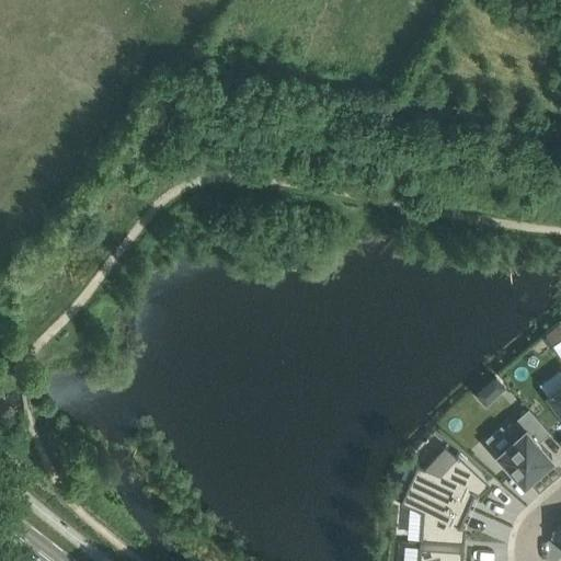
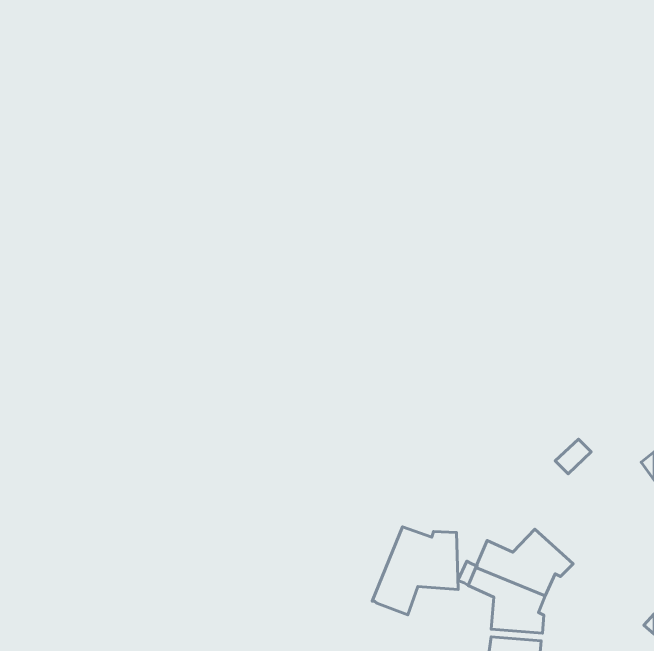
building: [496,410,551,485] -> none
building: none -> [372,527,458,615]

